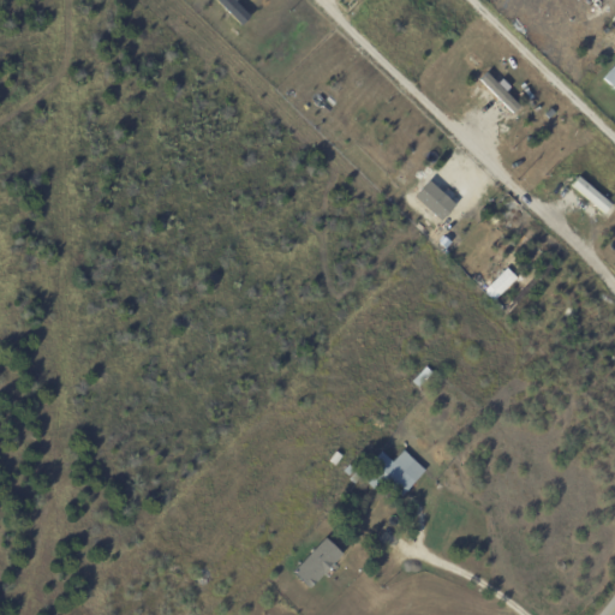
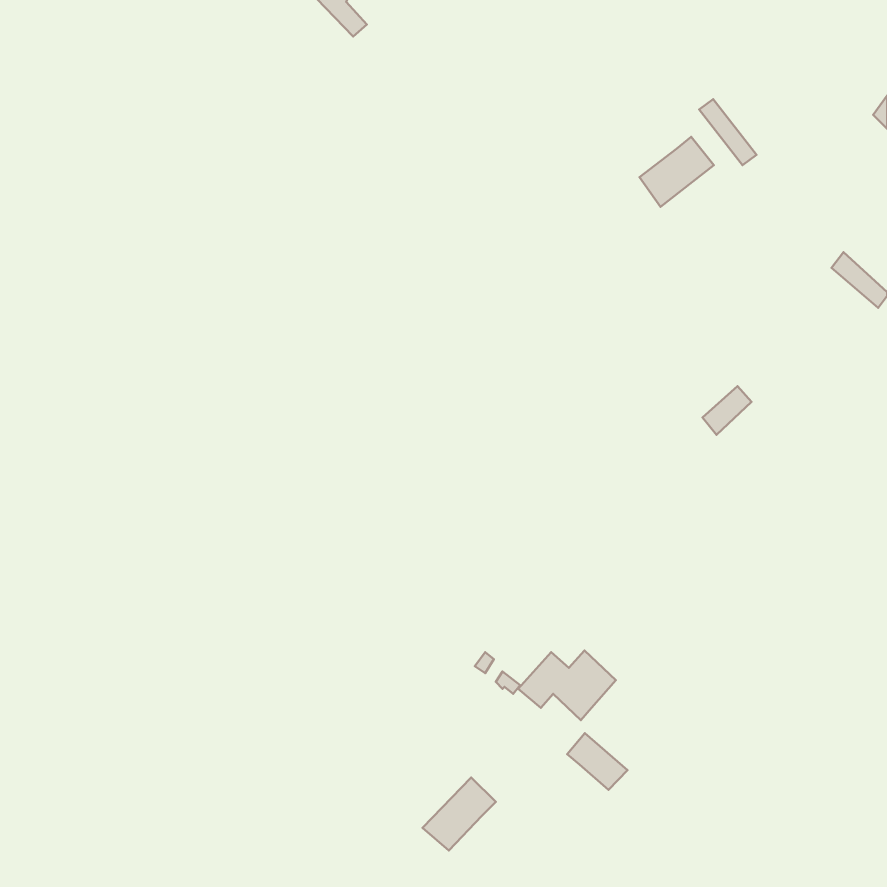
building: none -> [640,137,714,207]
building: [419,179,460,219] -> none
building: none -> [567,733,628,790]

